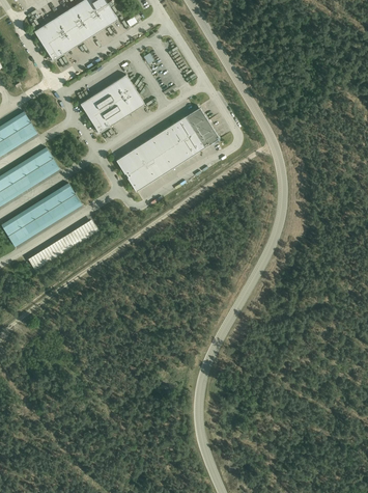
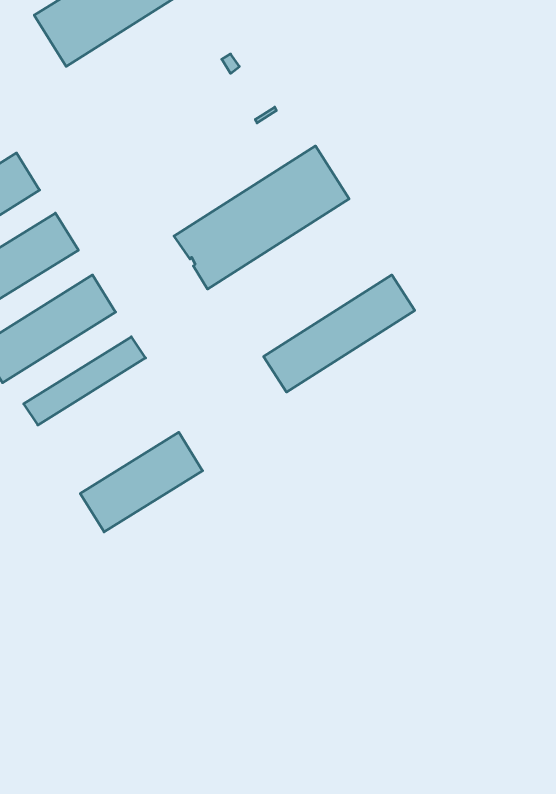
building: [80,75,144,134] -> none
building: none -> [264,275,415,392]
building: none -> [80,432,203,532]

